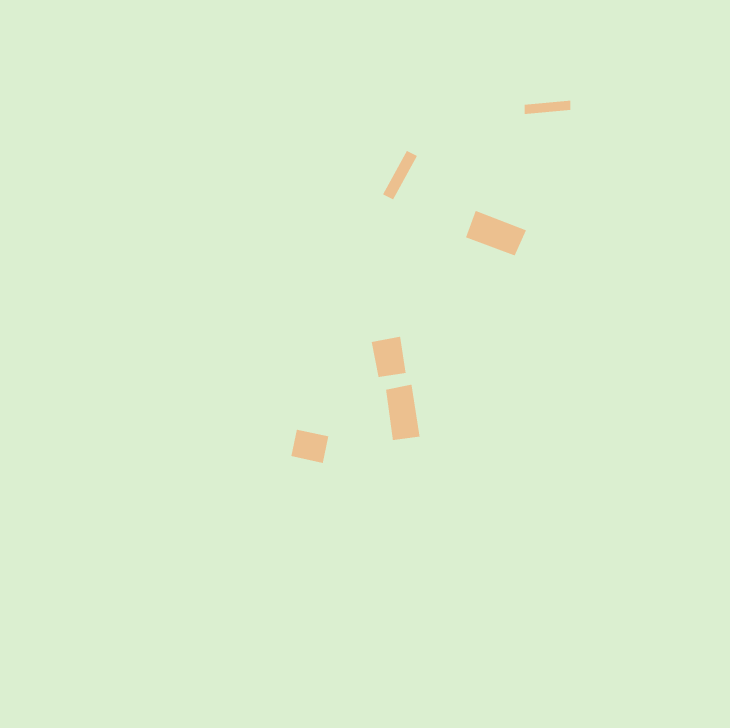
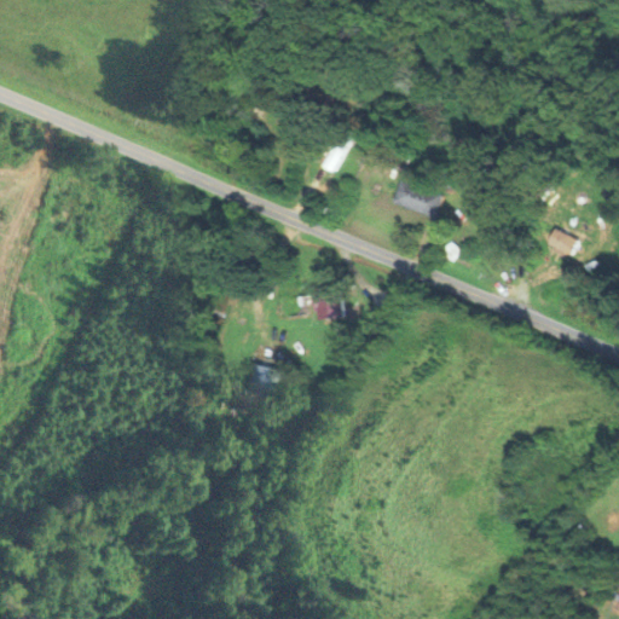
building: none -> [544,228,578,260]
building: [385,384,420,441] -> none

